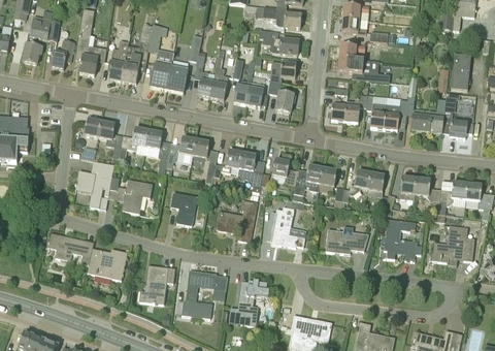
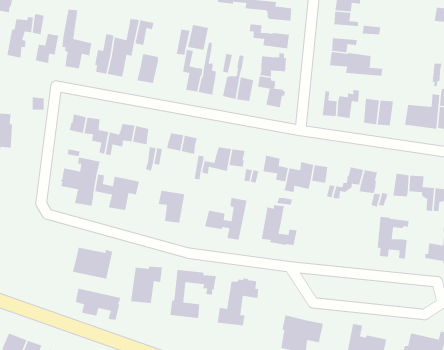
building: [166,66,188,92] -> [187,24,209,51]
building: [326,229,368,253] -> none
building: [48,232,94,264] -> [75,288,121,321]

